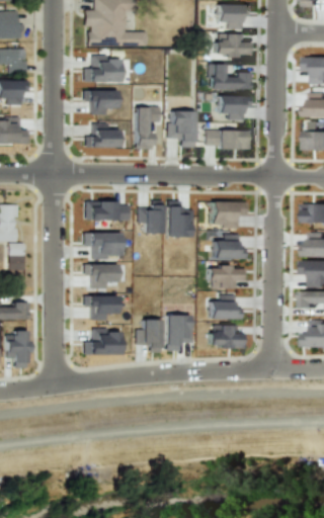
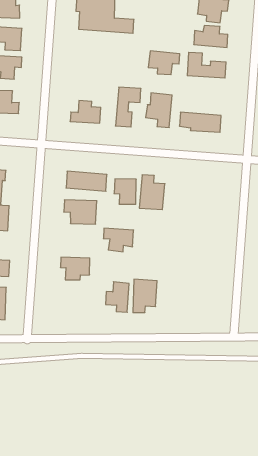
building: [84,56,120,82] -> none
building: [85,90,116,114] -> none
building: [219,95,252,119] -> [148,51,180,75]
building: [211,201,248,227] -> none
building: [214,234,247,259] -> none
building: [85,264,117,288] -> [103,228,134,252]
building: [210,267,246,288] -> none
building: [211,294,243,319] -> none
building: [211,325,246,348] -> none
building: [85,329,120,354] -> none

